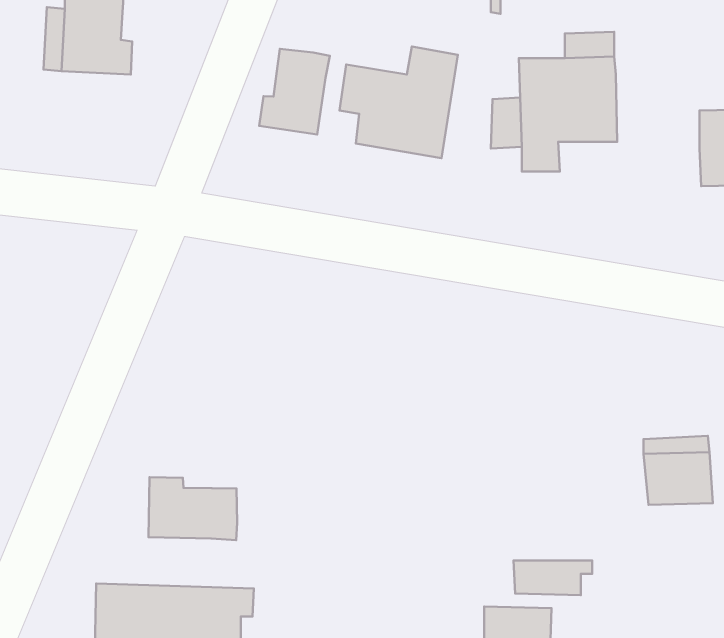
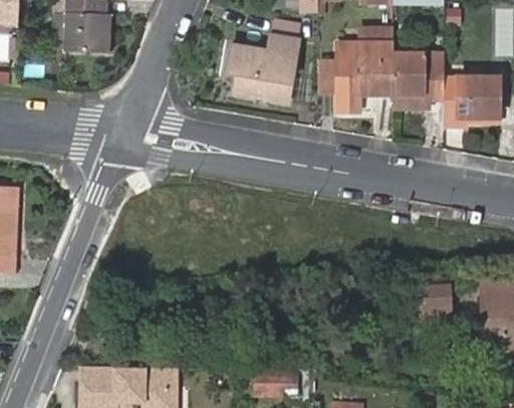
building: [259,49,330,135] -> none
building: none -> [399,52,450,109]
building: [148,477,237,540] -> none
building: [513,561,592,595] -> [252,373,300,394]

